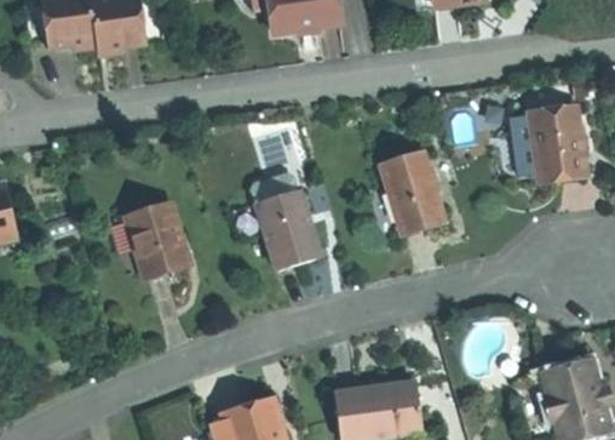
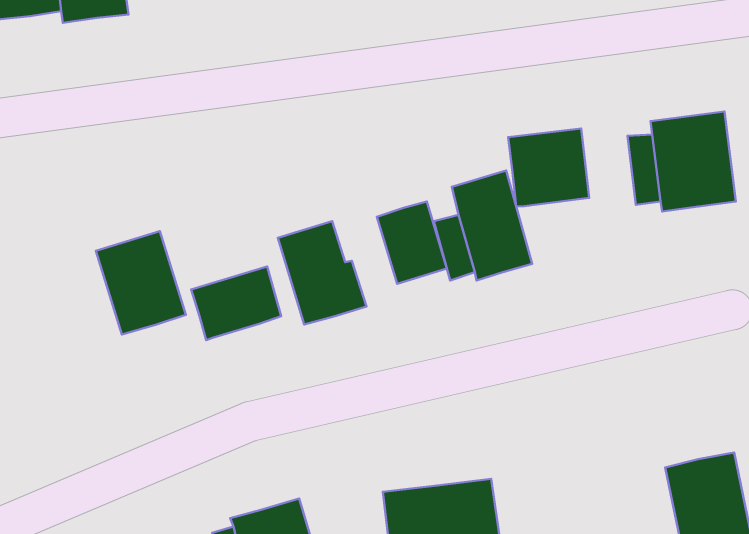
building: none -> [508,128,589,207]
building: none -> [377,201,447,284]
building: none -> [191,266,281,340]

